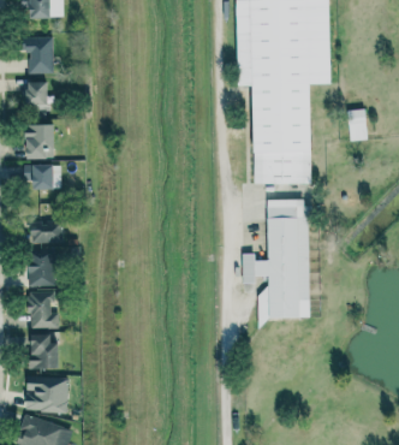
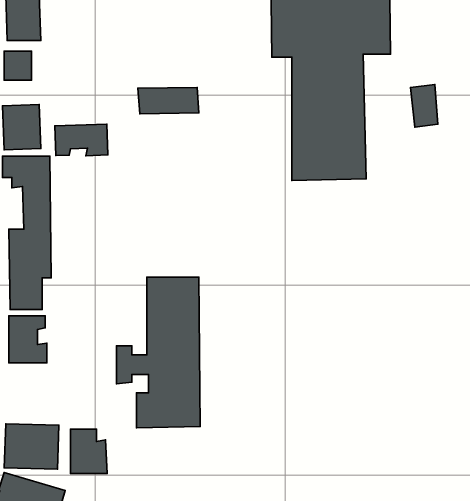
building: none -> [138,87,199,114]
building: none -> [55,124,108,156]
building: [243,200,309,319] -> [117,277,200,428]
building: [29,334,58,369] -> [71,429,107,473]

